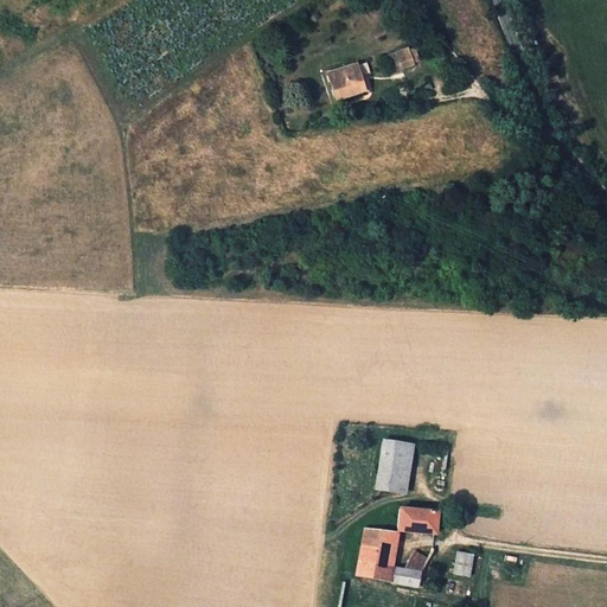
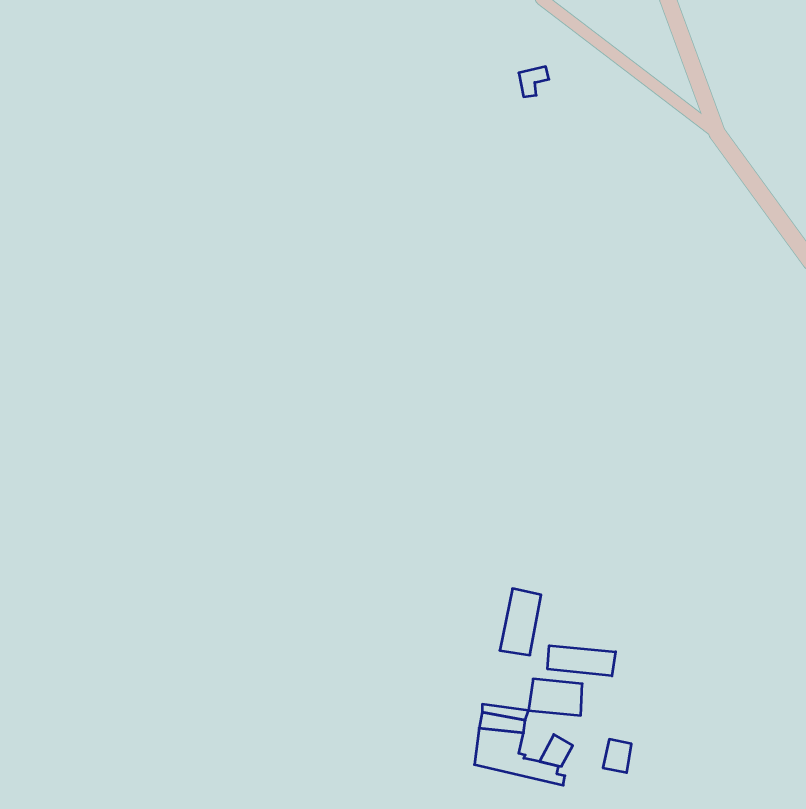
building: [331,63,368,97] -> none
building: none -> [548,646,616,676]

